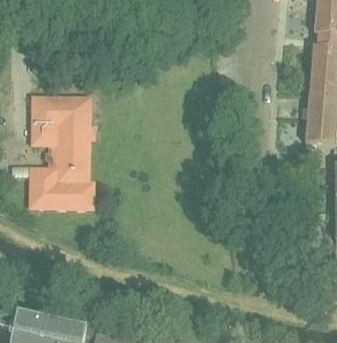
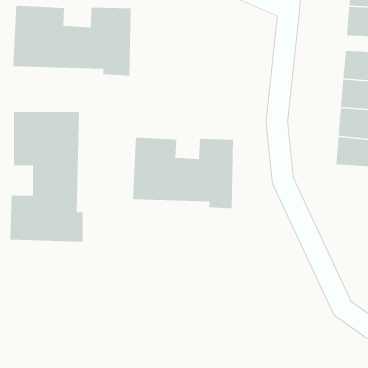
building: none -> [12,5,132,76]
building: none -> [132,137,234,209]

